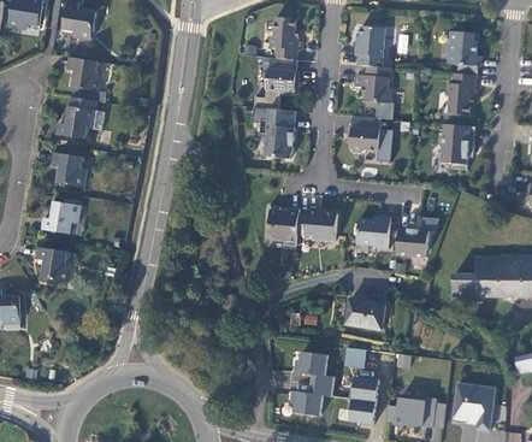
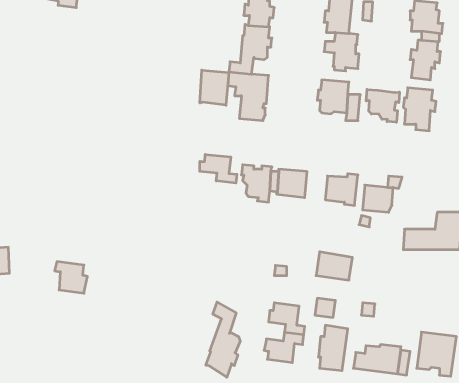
building: [67,57,101,92] -> none
building: [57,96,95,139] -> none
building: none -> [200,70,229,105]
building: none -> [366,89,399,122]
building: [52,152,85,187] -> none
building: none -> [200,154,237,183]
building: [41,200,81,234] -> none
building: [36,248,71,282] -> [55,262,87,293]
building: none -> [206,302,240,377]

